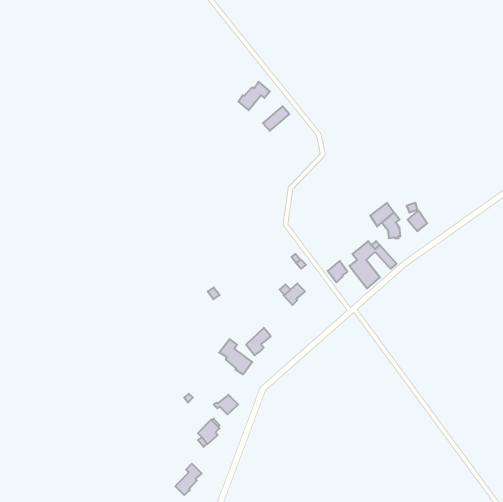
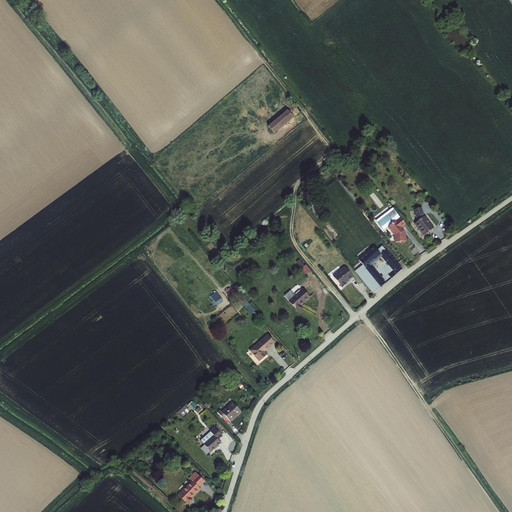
building: [238,82,270,110] -> none
building: [219,339,252,374] -> none

